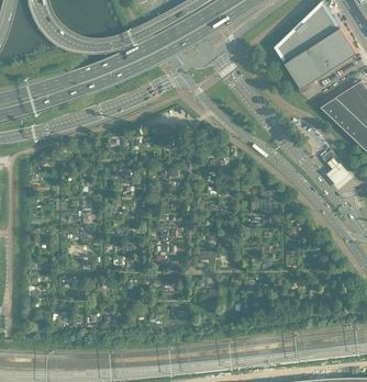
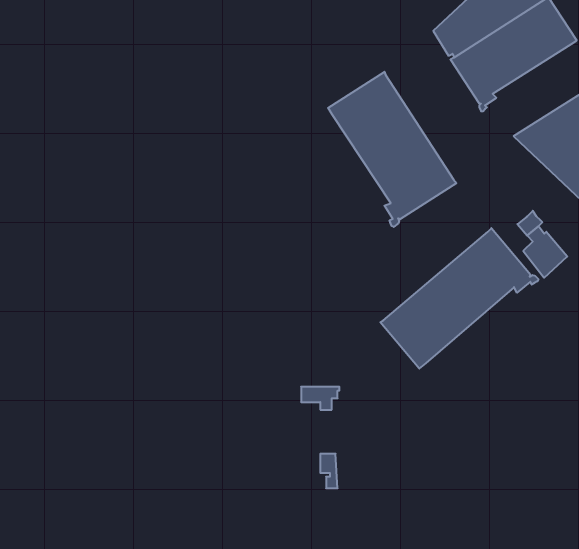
building: none -> [328,72,456,227]
building: none -> [380,228,538,369]

